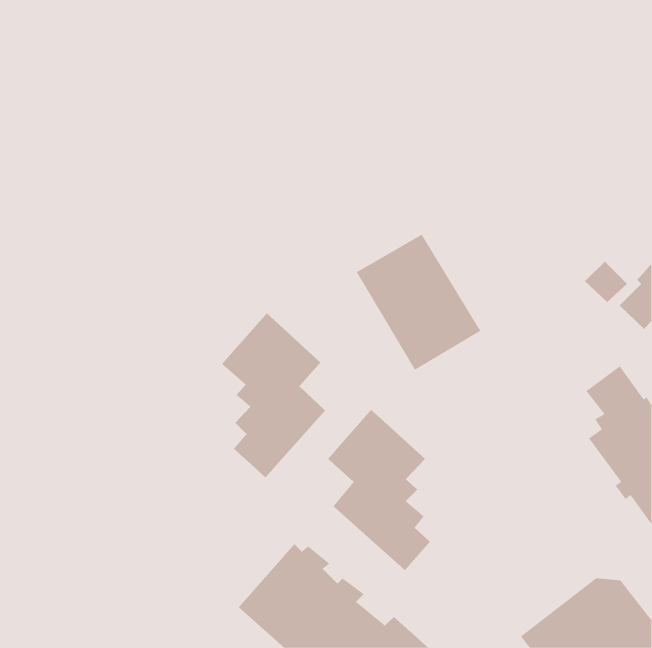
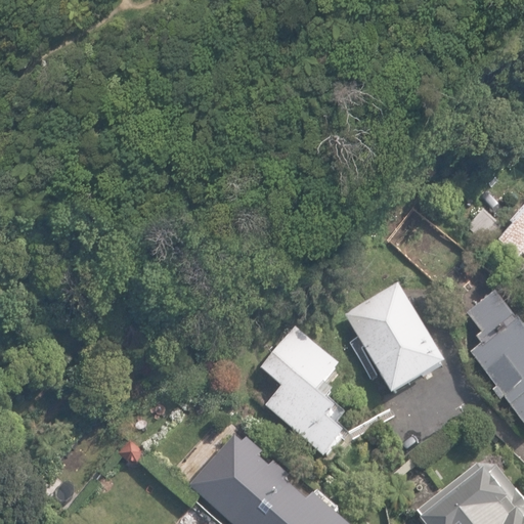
building: [356,234,481,371] -> [346,285,446,394]
building: [221,313,326,478] -> none

